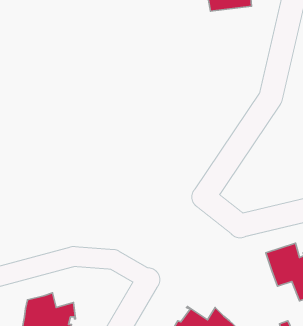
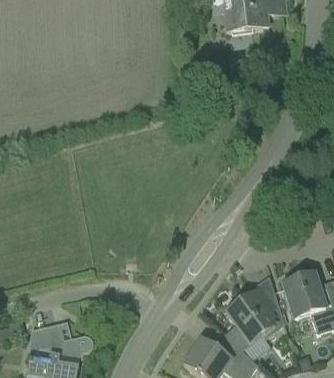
building: none -> [223,283,284,349]

